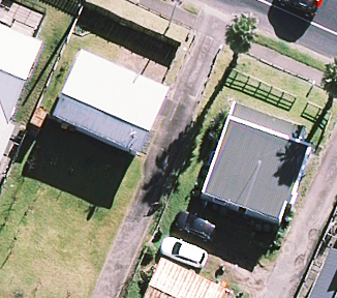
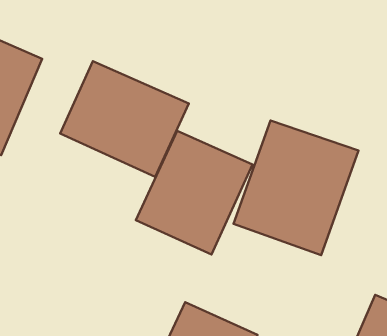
building: none -> [136,131,253,255]

